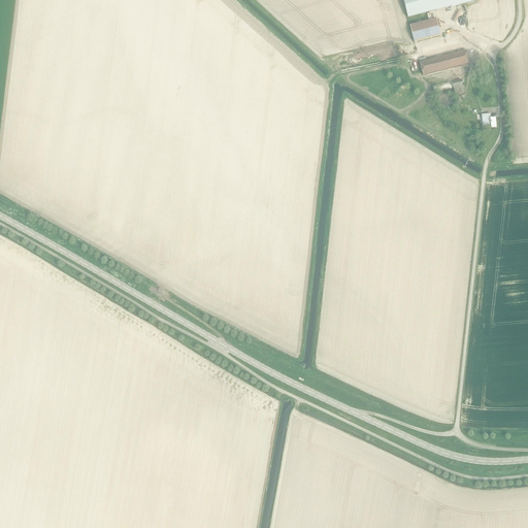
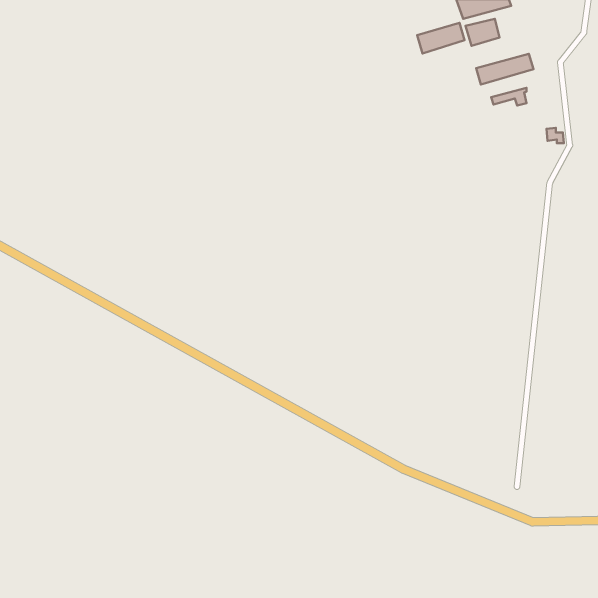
building: none -> [417,23,464,54]

